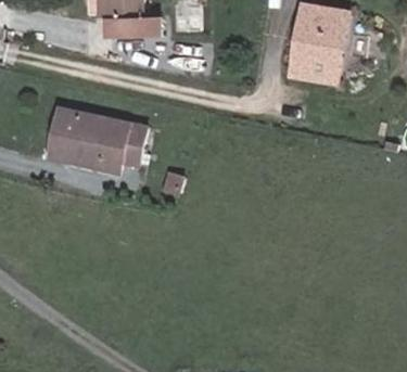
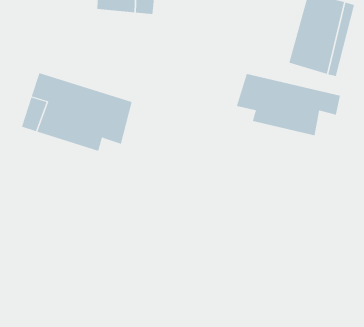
building: none -> [236,73,341,136]

